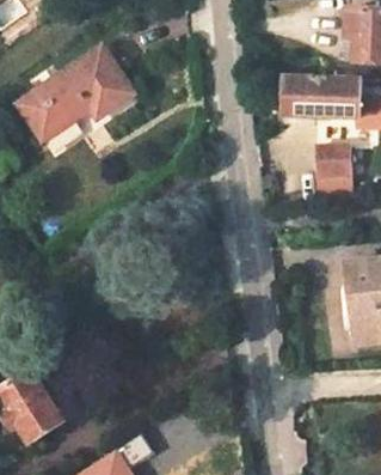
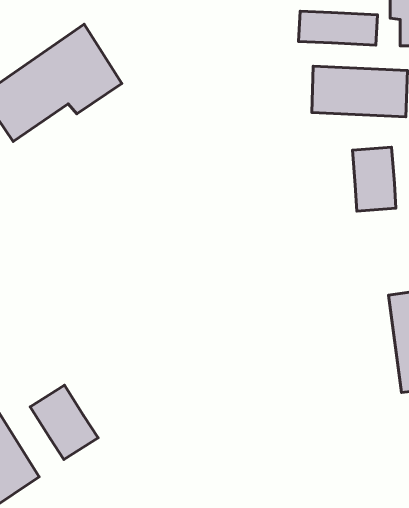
building: none -> [299,11,377,45]
building: none -> [30,385,98,460]

